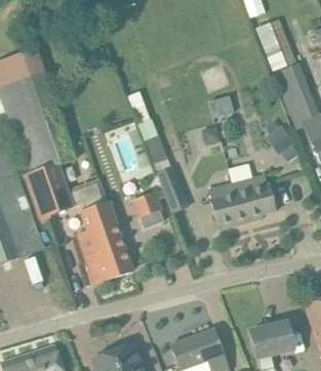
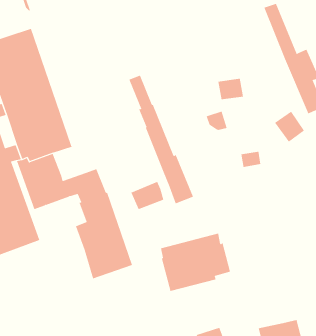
building: [209,174,276,230] -> [160,233,231,291]

